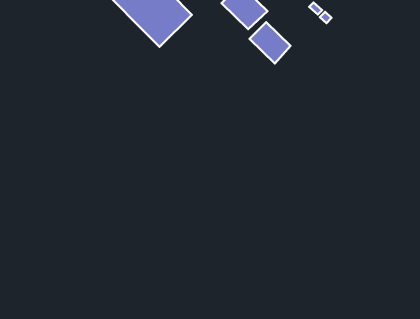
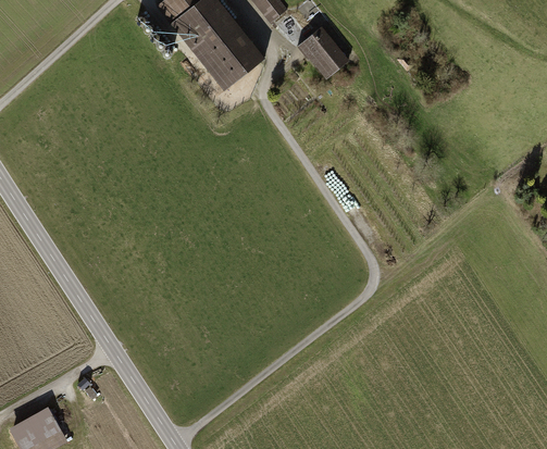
building: [250,22,291,63] -> none

